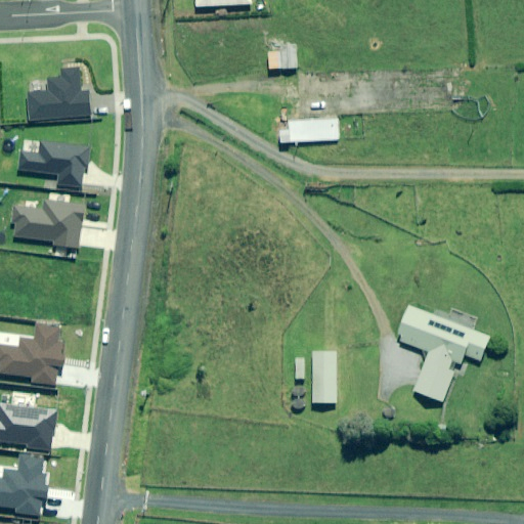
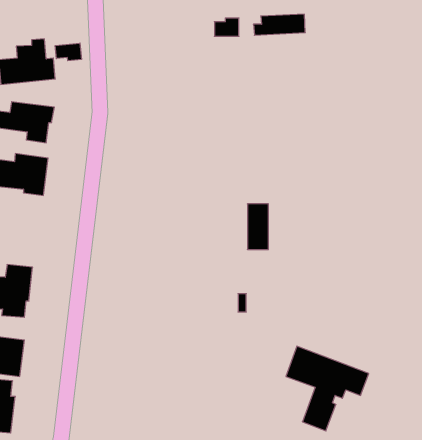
building: none -> [55,43,81,61]
building: [279,119,338,142] -> [253,14,305,35]
building: [396,305,489,400] -> [286,346,369,431]
building: [312,351,336,402] -> [247,204,268,249]

